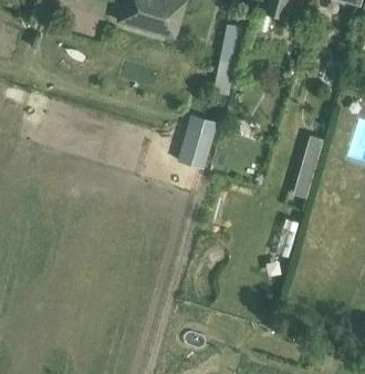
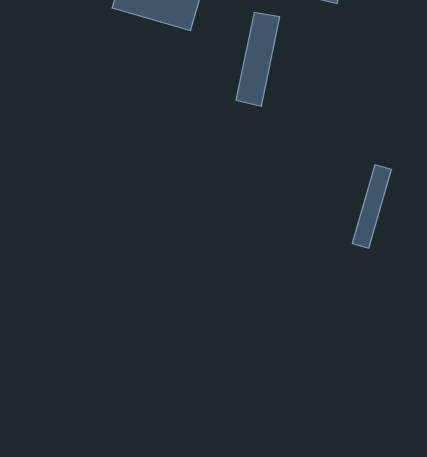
building: [176,126,210,167] -> none

